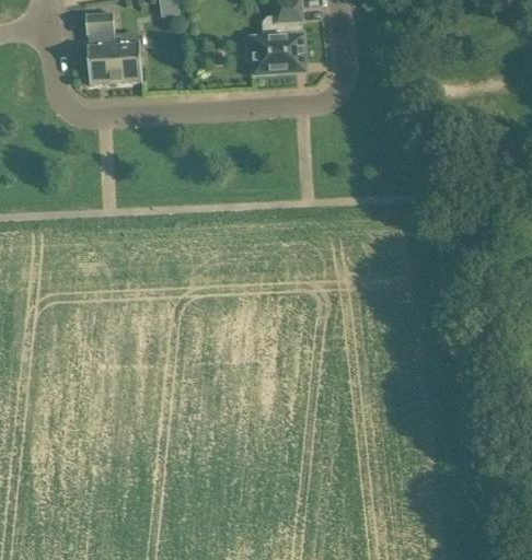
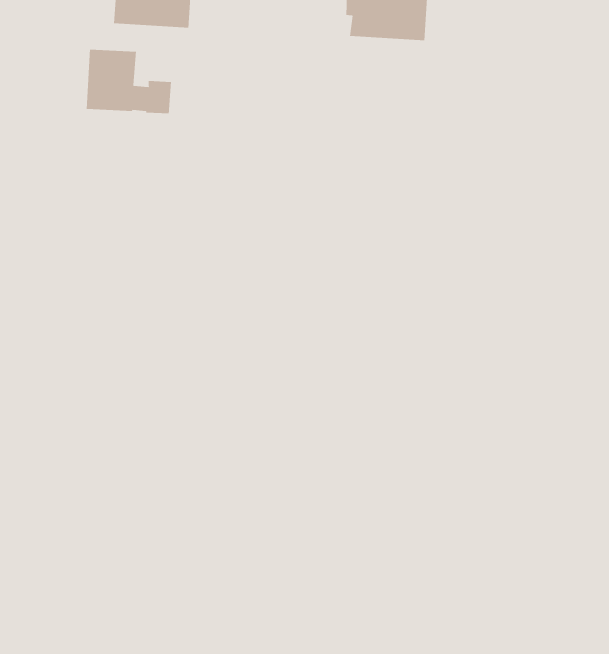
building: none -> [86,49,172,114]

